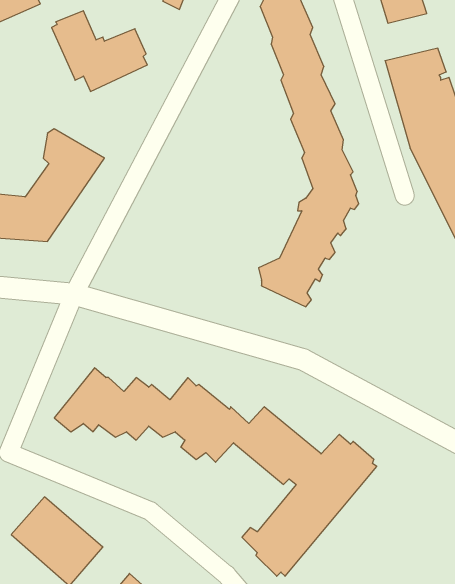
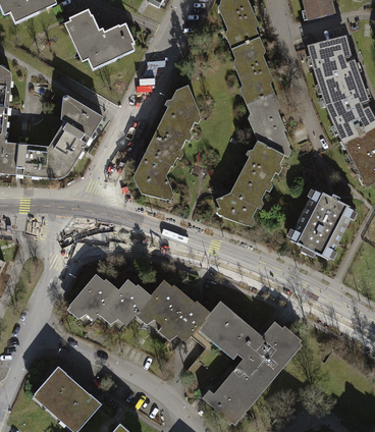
building: none -> [132,88,197,201]
building: none -> [287,192,353,263]

